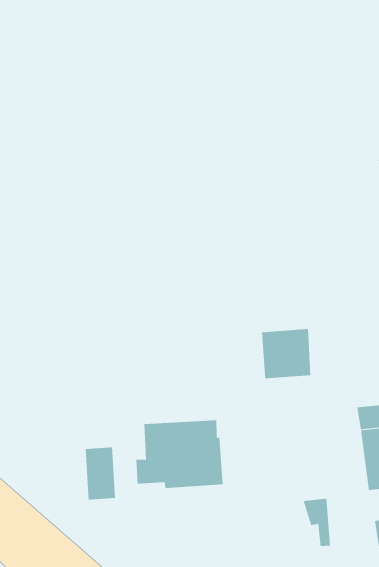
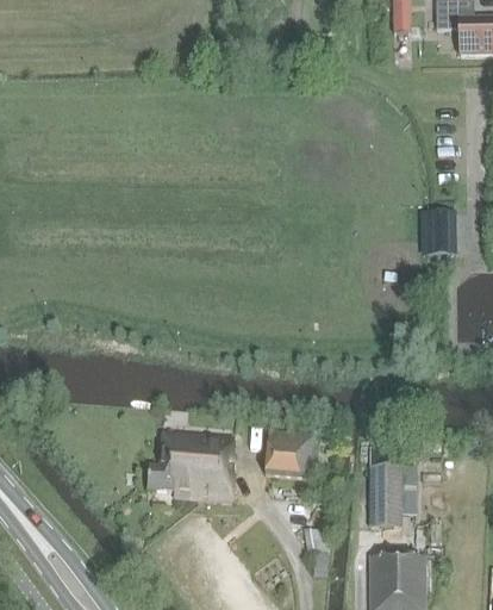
building: [261,329,311,379] -> [266,428,316,477]
building: [85,446,115,500] -> none

